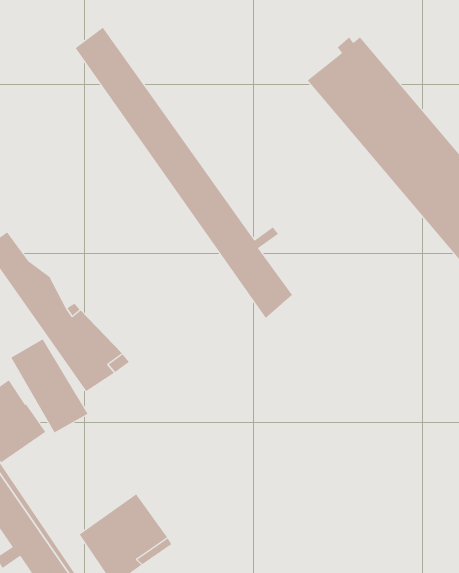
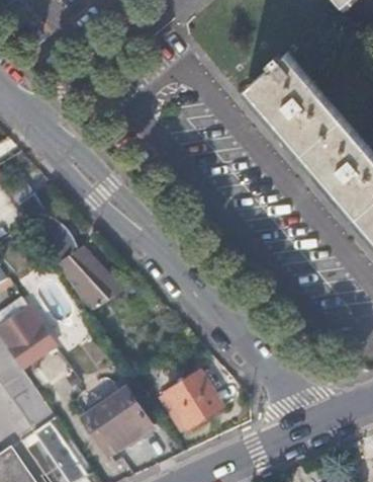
building: [75,27,293,319] -> none
building: none -> [166,370,222,427]

